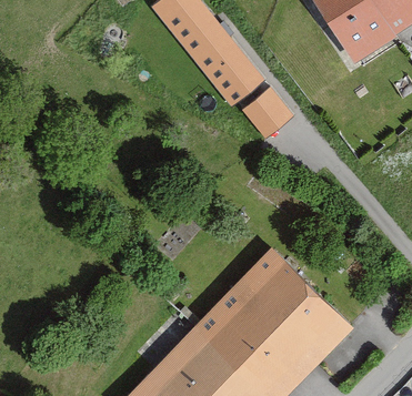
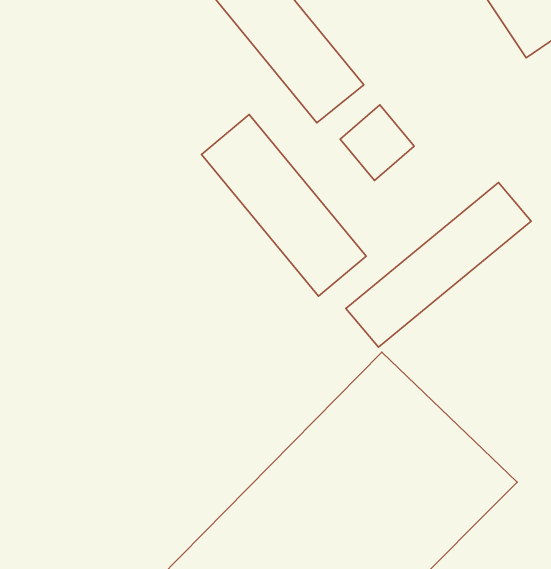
building: none -> [201,115,366,296]
building: none -> [346,182,531,347]

